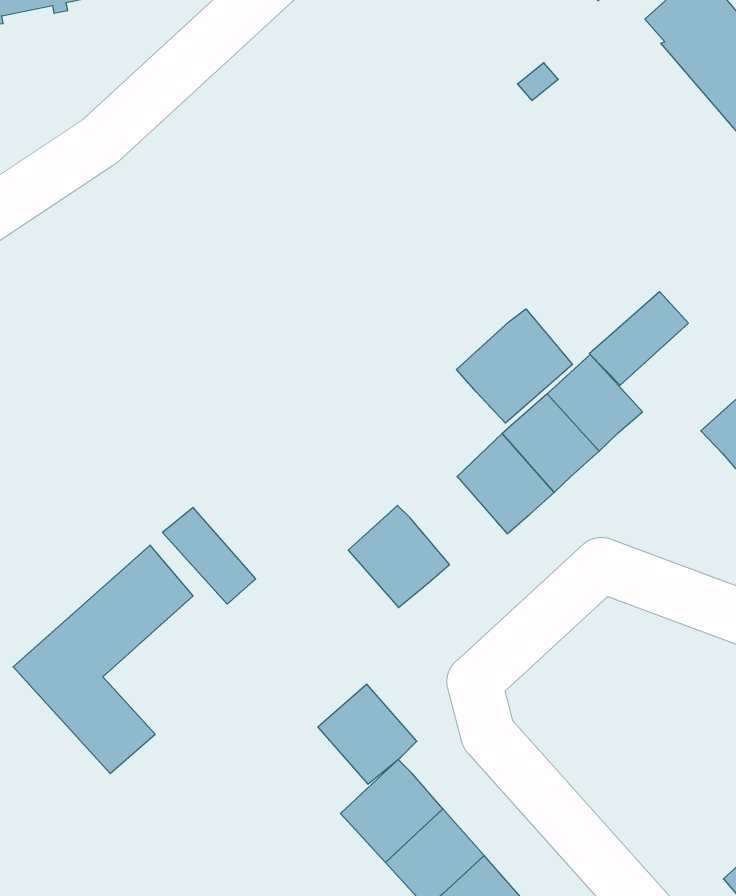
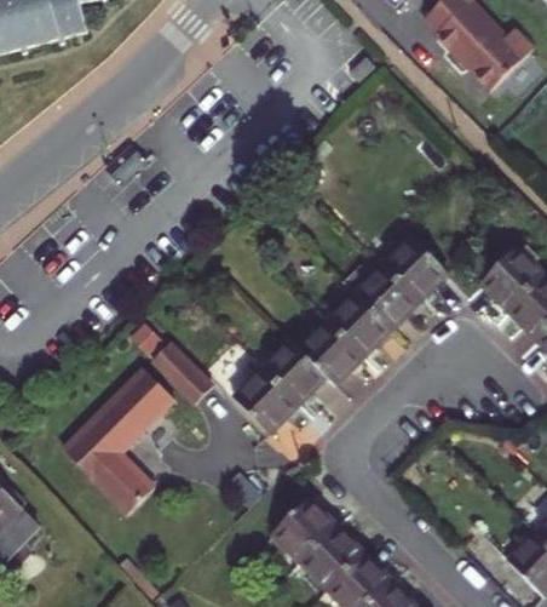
building: [589,292,688,385] -> none
building: [456,309,572,423] -> none
building: none -> [301,317,363,379]
building: [318,684,417,784] -> [235,368,298,431]

